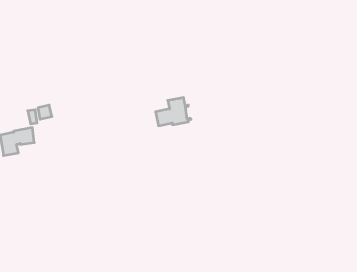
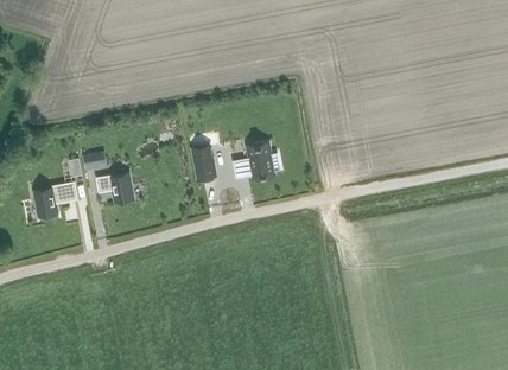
building: none -> [193,147,216,179]
building: none -> [96,173,134,203]

